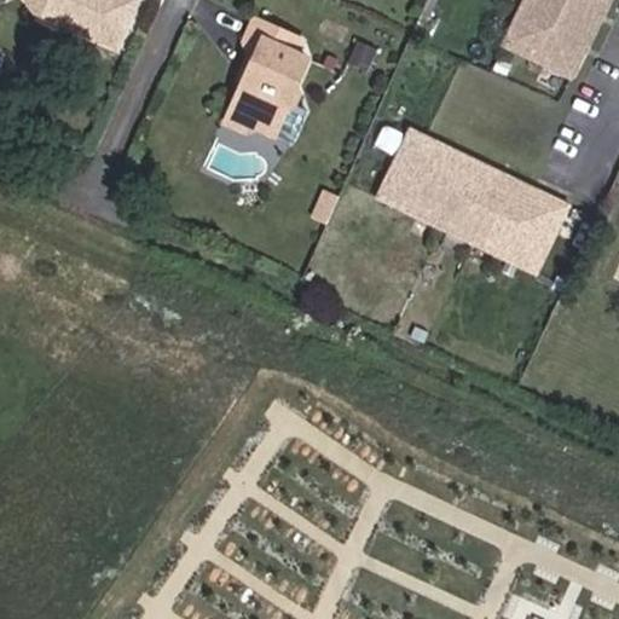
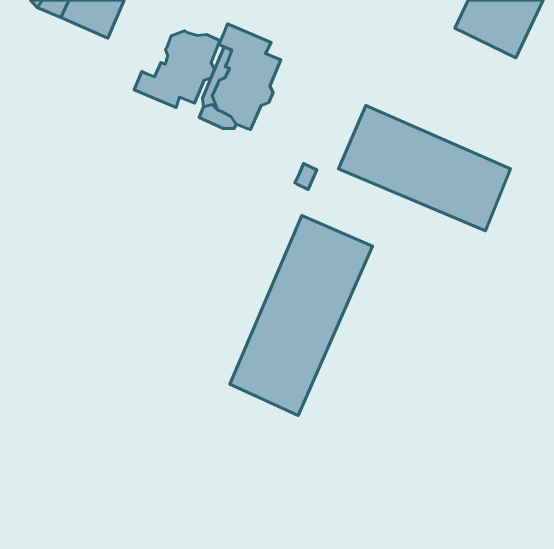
building: none -> [134,31,220,107]
building: none -> [230,216,372,415]

